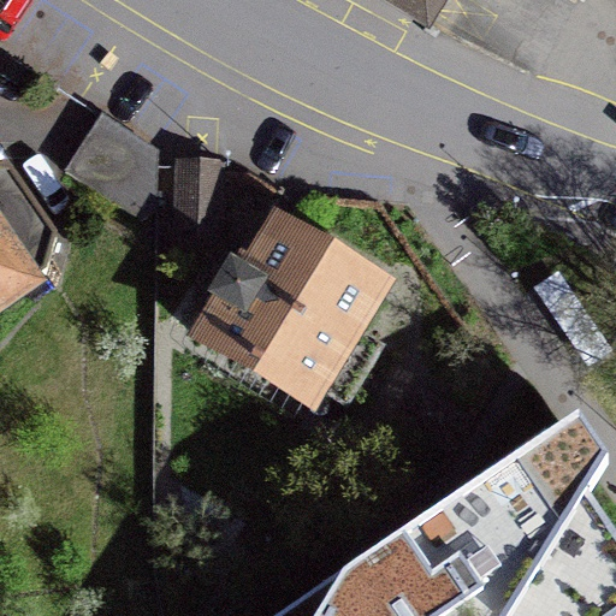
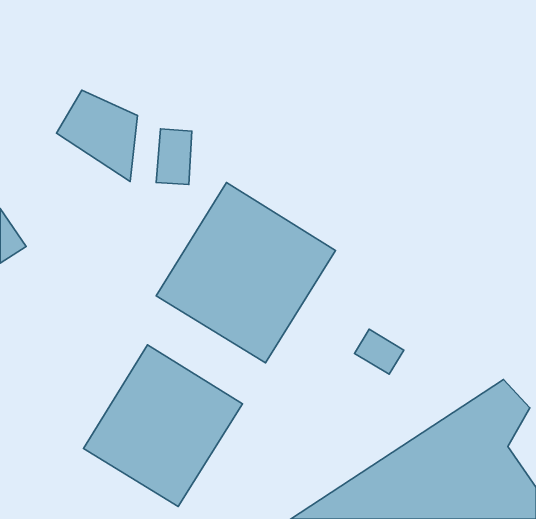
building: none -> [83,345,243,507]

